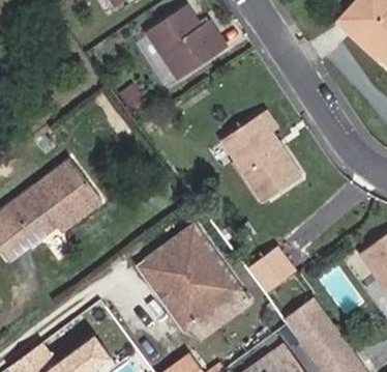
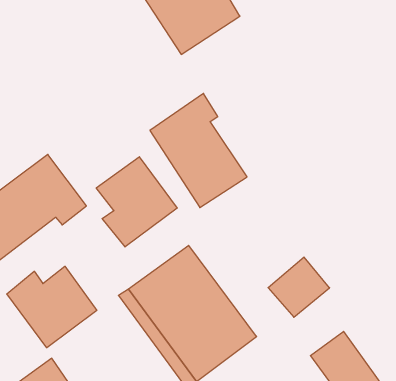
building: [220,110,299,202] -> [150,93,247,208]
building: none -> [96,157,177,247]
building: none -> [7,266,97,348]

